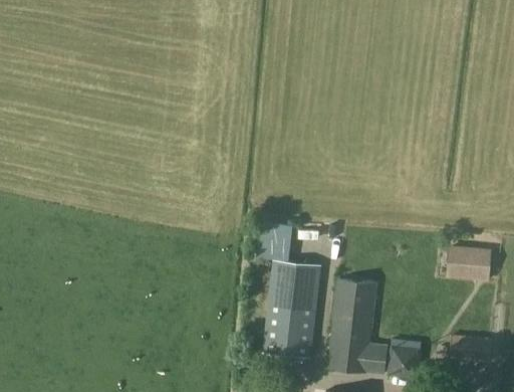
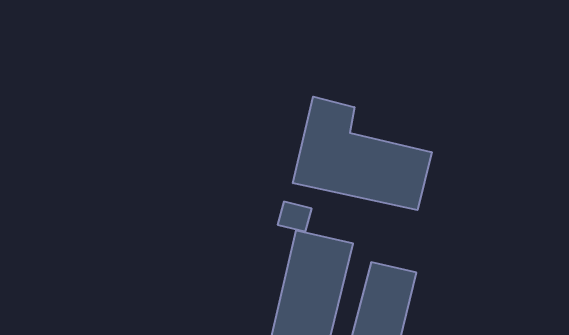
building: none -> [293,97,432,210]
building: [445,246,482,280] -> none

